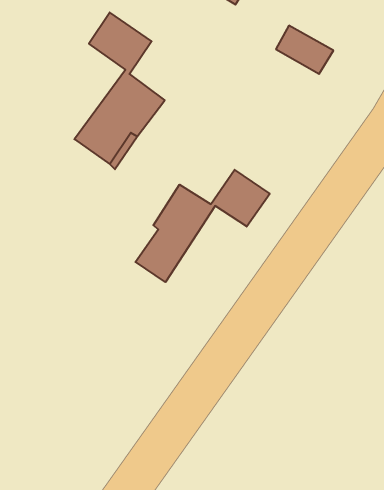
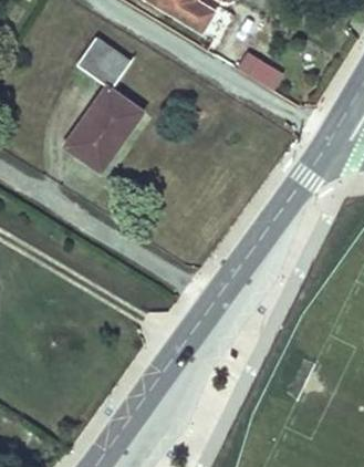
building: [135,170,270,282] -> none

